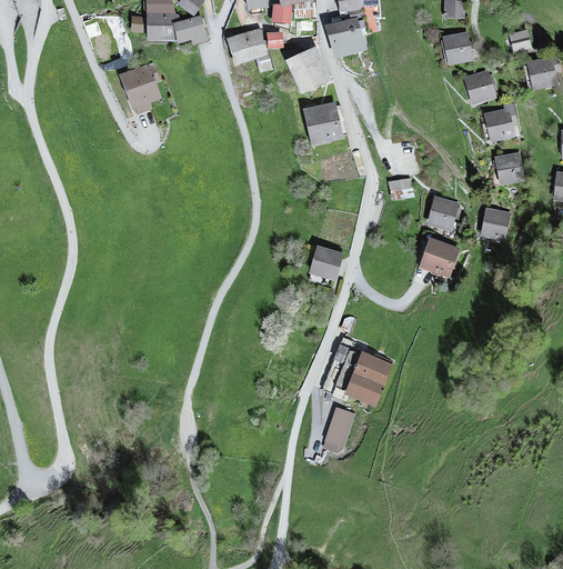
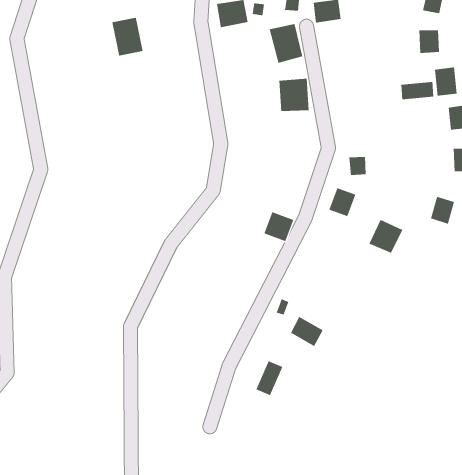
building: none -> [401,81,434,100]
building: [429,199,455,228] -> [329,188,356,217]
building: [346,373,382,405] -> none

